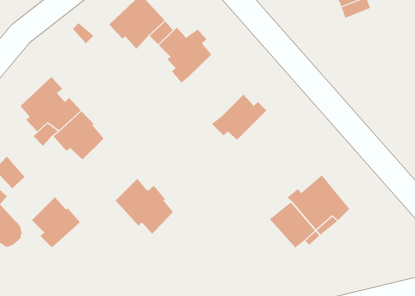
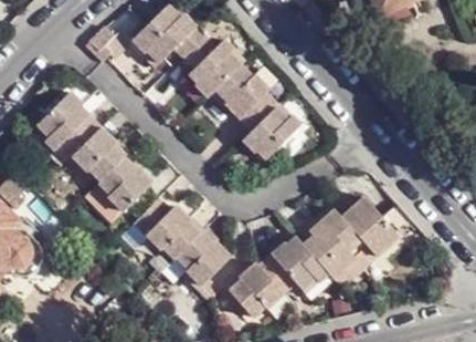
building: none -> [214,66,274,133]
building: [31,196,81,248] -> [98,157,151,213]
building: none -> [179,231,231,286]
building: none -> [269,238,325,286]
building: none -> [226,259,278,311]

